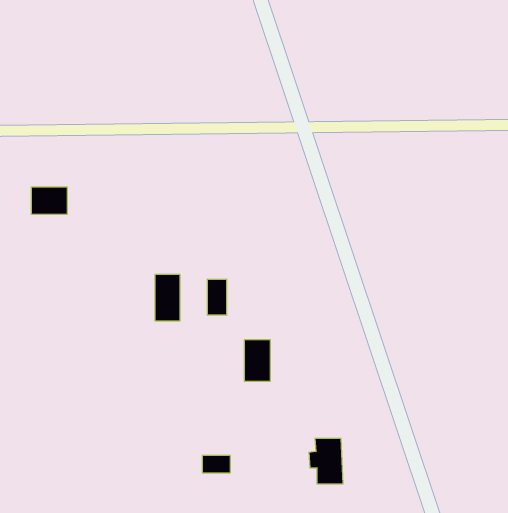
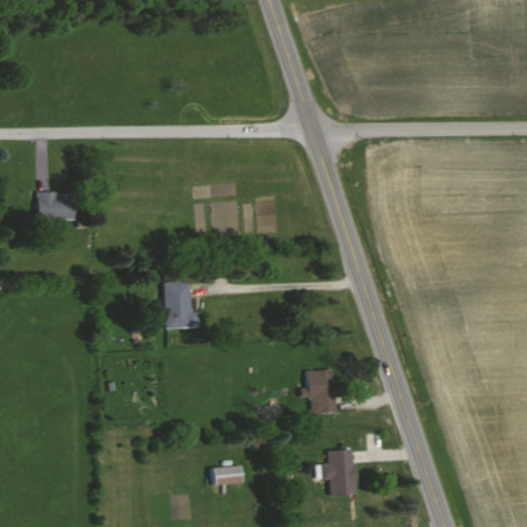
building: [208,279,227,315] -> none
building: [244,340,270,381] -> [310,370,337,412]

